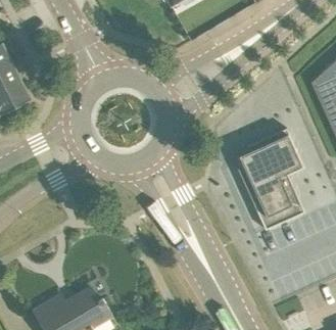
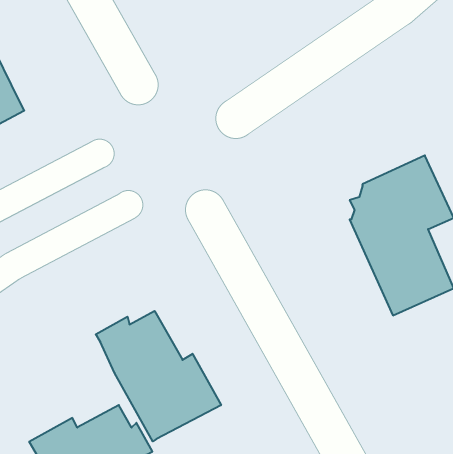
building: none -> [96,311,221,441]

